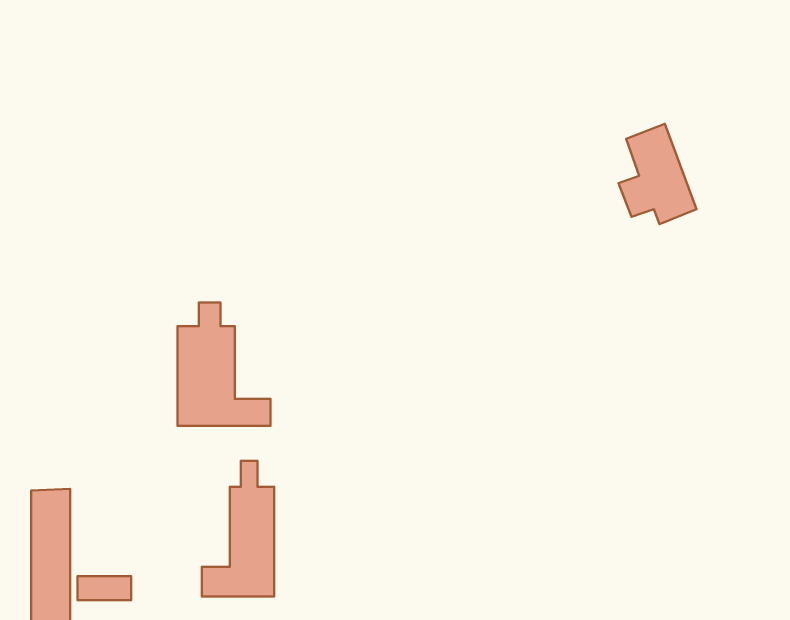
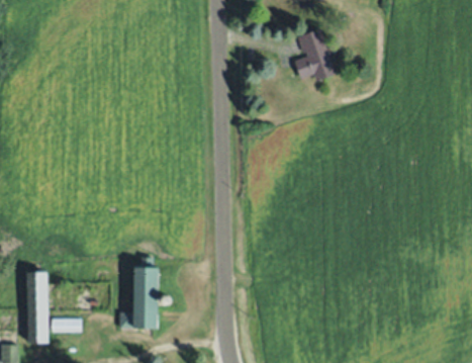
building: [619,124,697,224] -> [294,27,337,82]
building: [178,302,270,426] -> none

